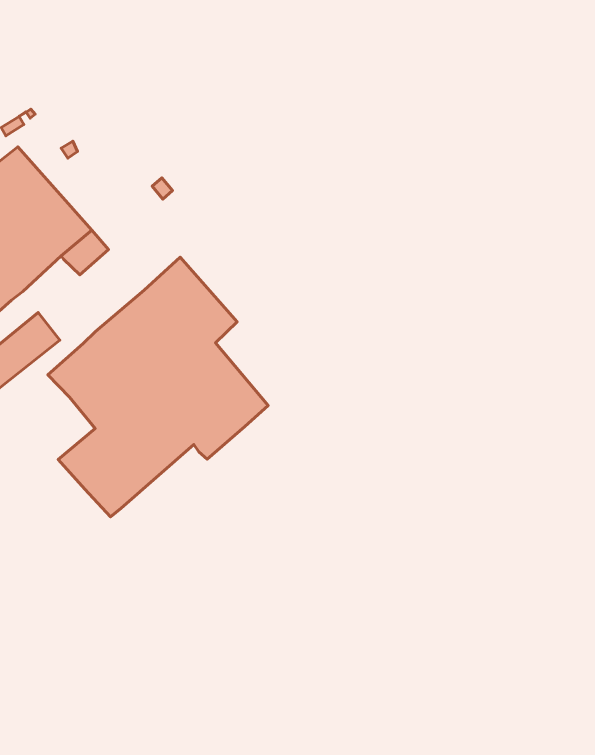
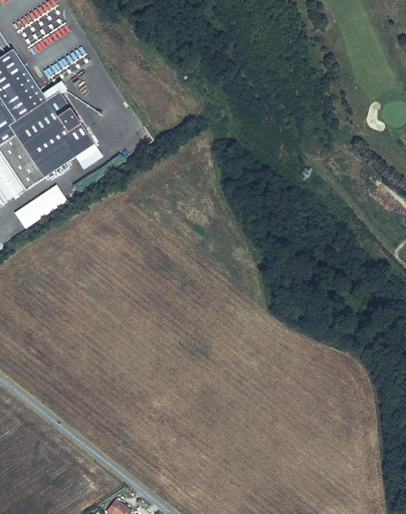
building: [48,257,268,517] -> none

